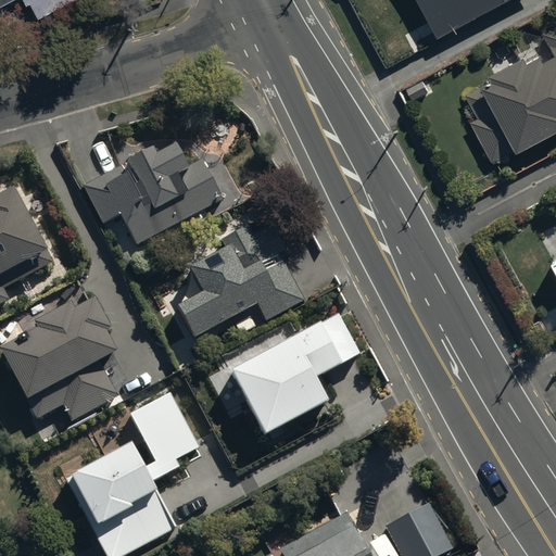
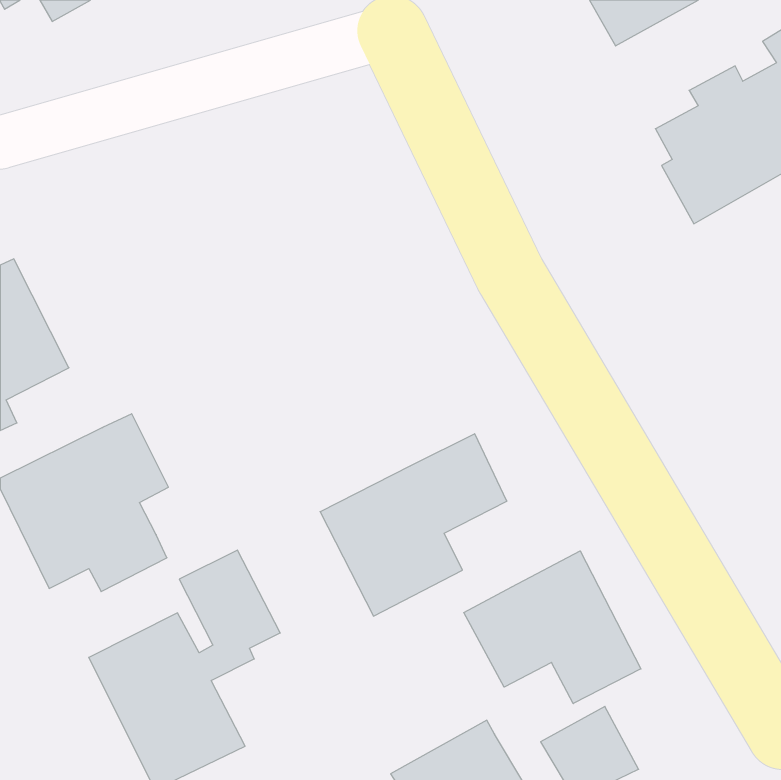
building: [84,134,224,247] -> none
building: [175,218,304,339] -> none
building: none -> [464,551,641,704]

